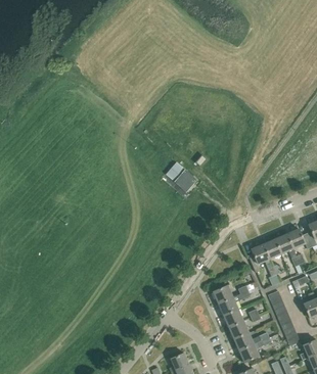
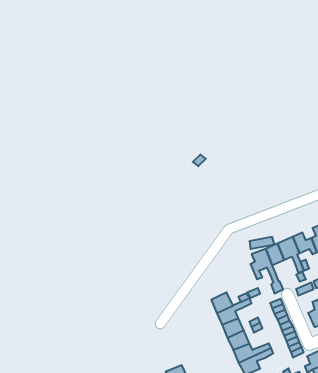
building: [166,162,197,192] -> none

